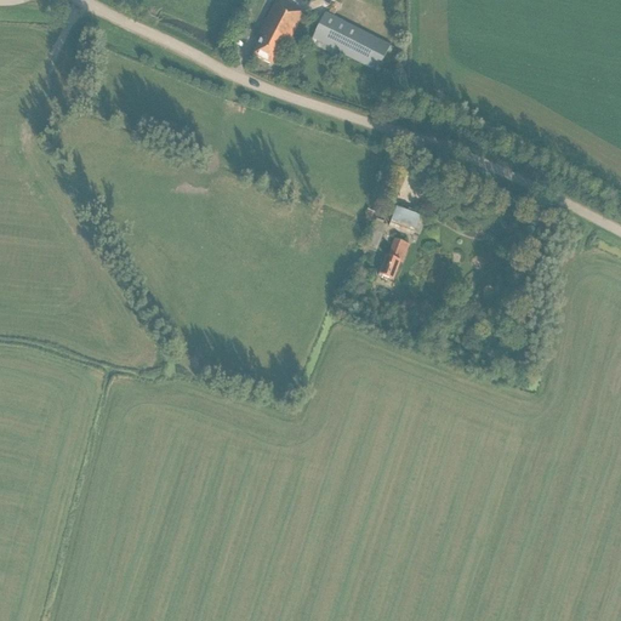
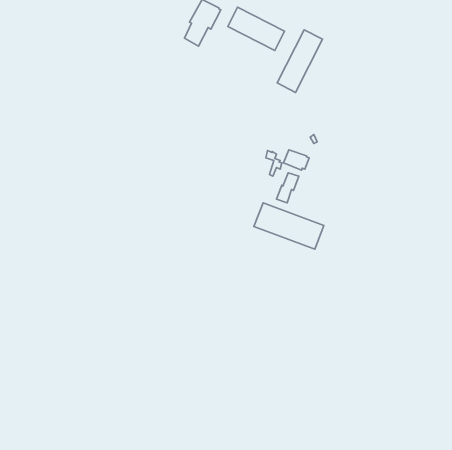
building: none -> [277,30,322,92]
building: none -> [254,203,324,249]

